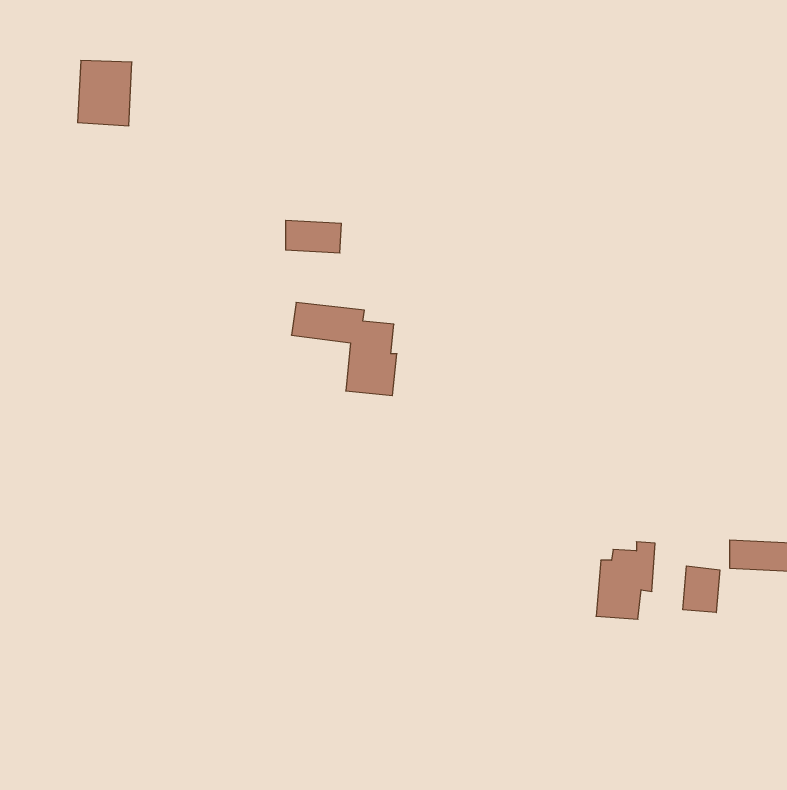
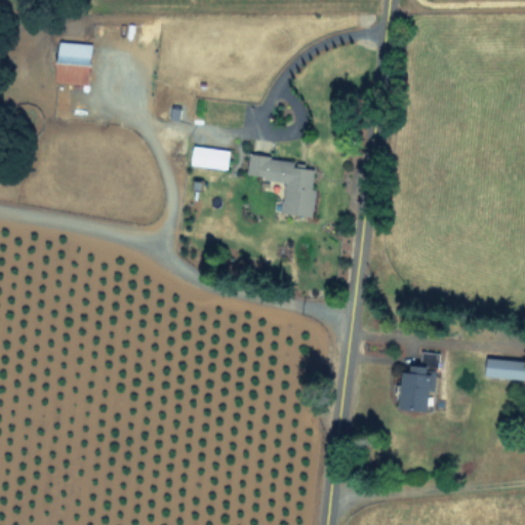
building: [291,302,397,396] -> [247,155,317,216]
building: [683,566,720,613] -> none

